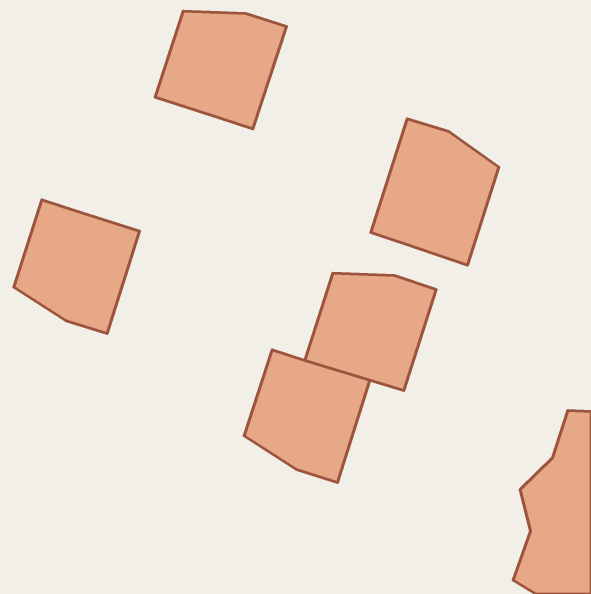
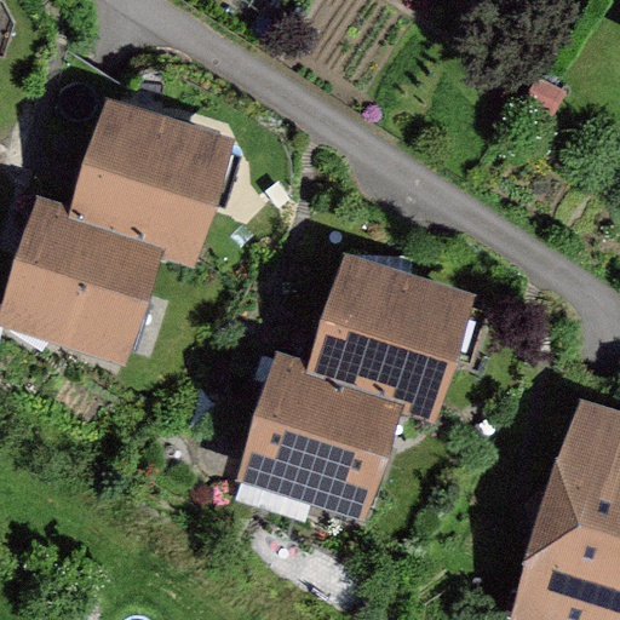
building: [155,11,287,129] -> [78,130,214,252]
building: [371,119,499,265] -> none

